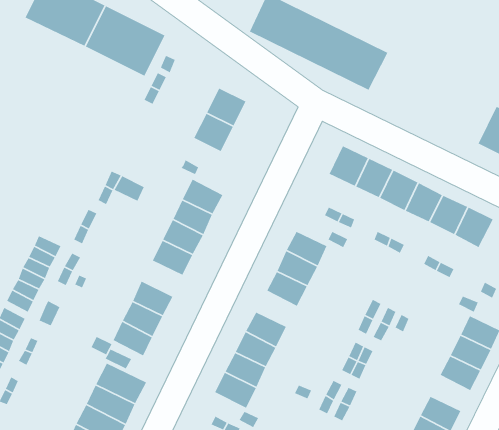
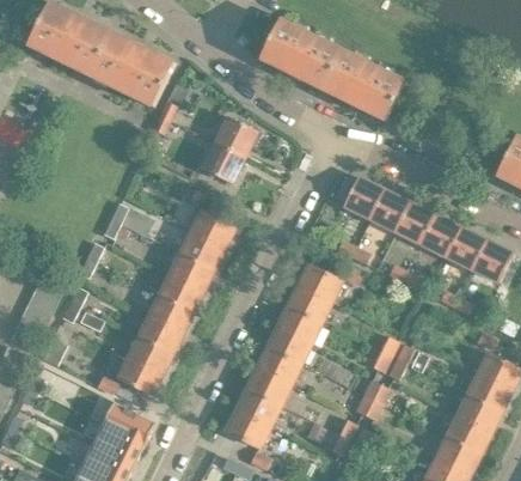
building: none -> [148,296,191,333]
building: none -> [266,327,309,364]
building: none -> [447,414,489,451]

